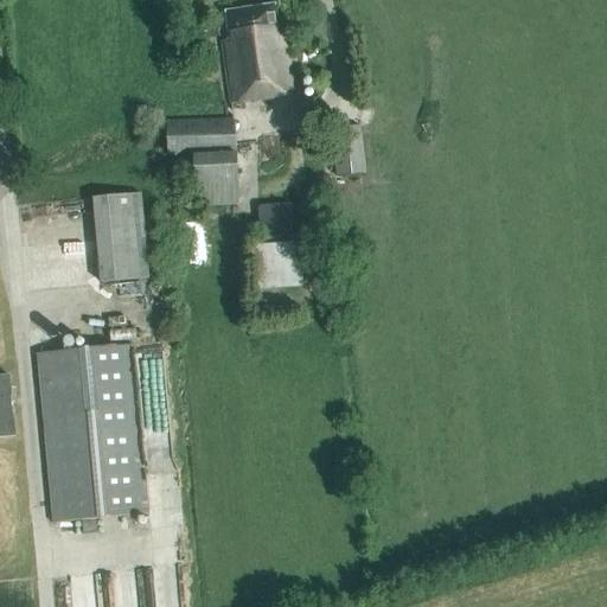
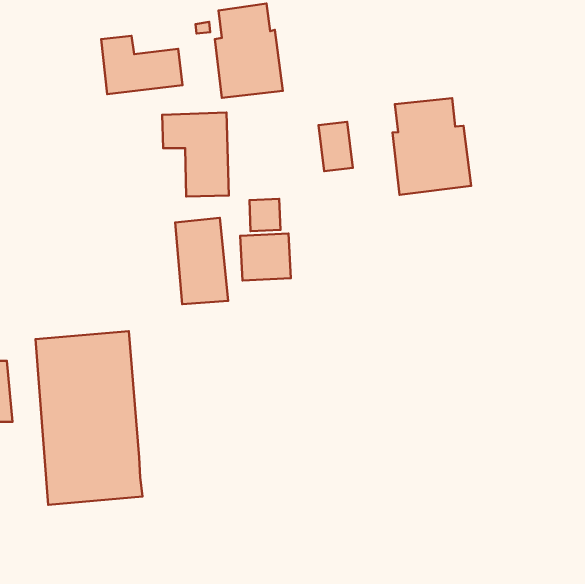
building: none -> [101,36,183,94]
building: none -> [393,98,471,195]
building: [94,191,148,280] -> [175,218,228,304]

